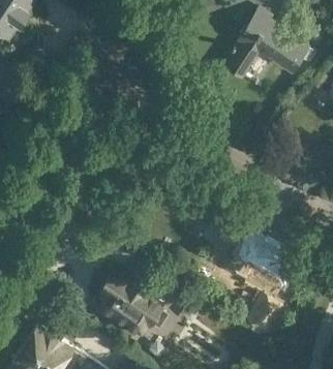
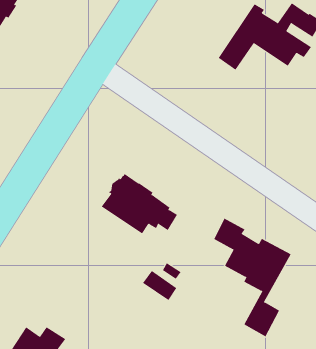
building: [93,277,168,336] -> [101,173,178,234]

